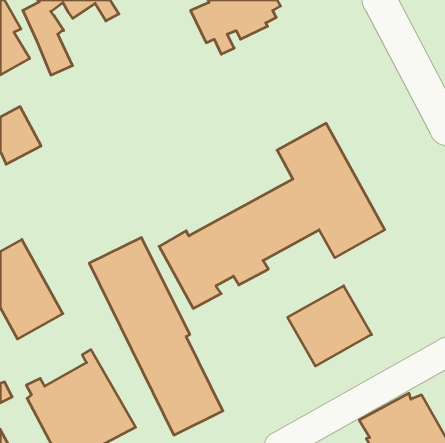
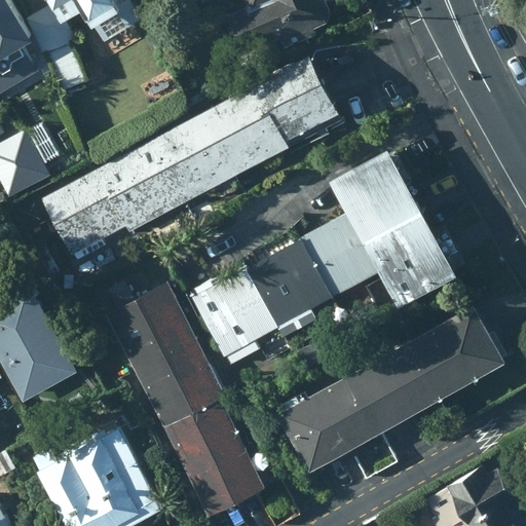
building: none -> [41,55,336,263]
building: none -> [406,303,503,398]
building: none -> [275,377,373,472]

